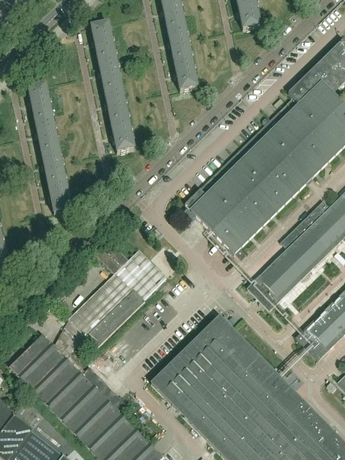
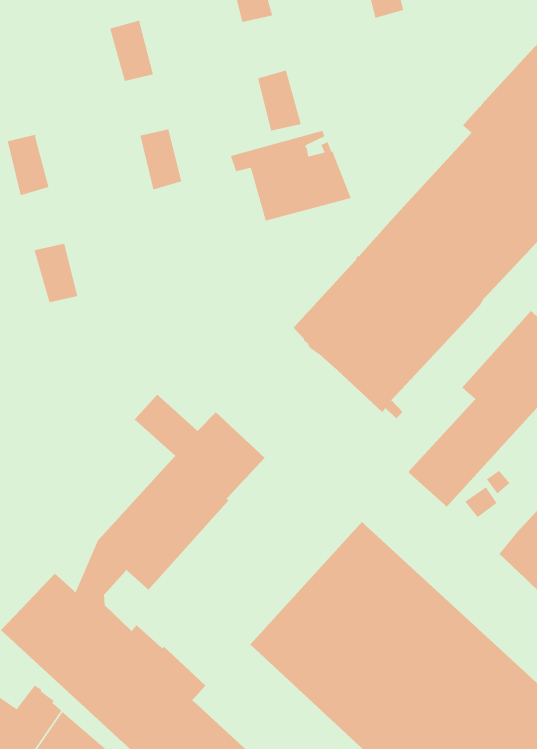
building: [166,24,190,59] -> none
building: [97,54,121,88] -> none
building: none -> [230,130,352,222]
building: [34,115,58,150] -> none
building: [110,116,134,151] -> none
building: [47,178,71,213] -> none

